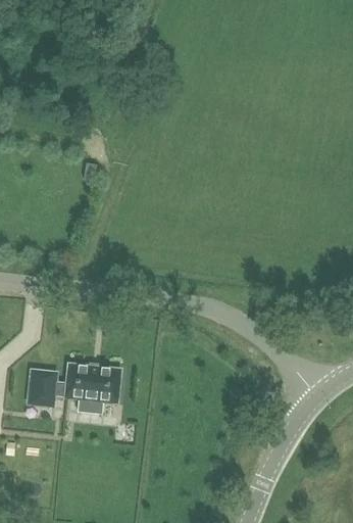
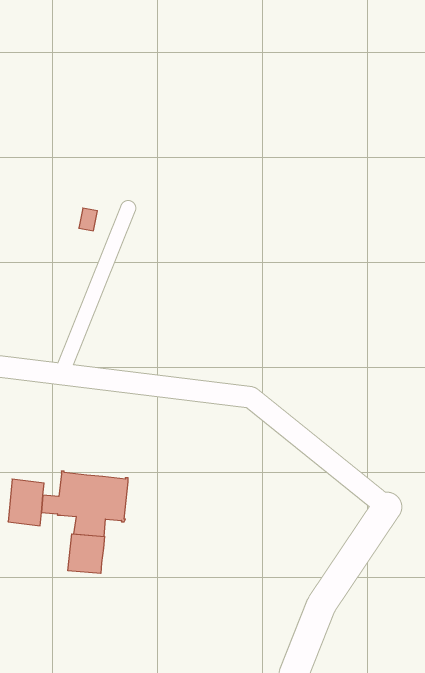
building: none -> [68,534,105,573]

